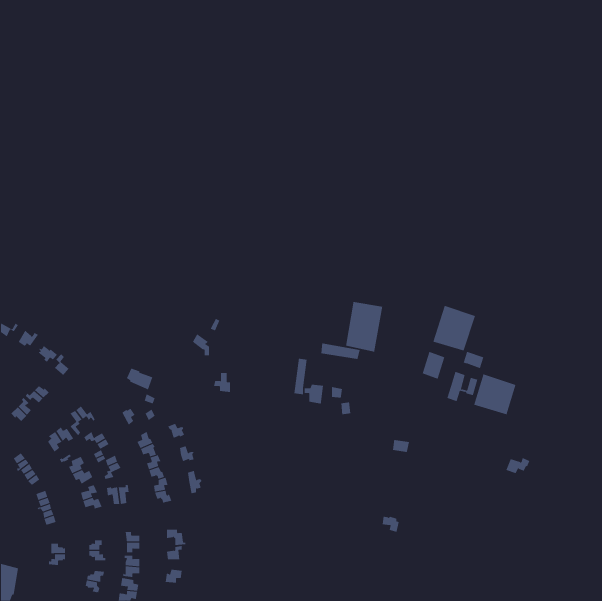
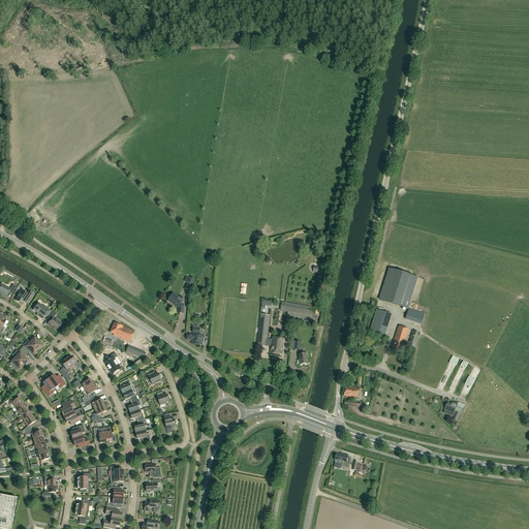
building: [345,301,383,353] -> none
building: [473,374,516,415] -> none

